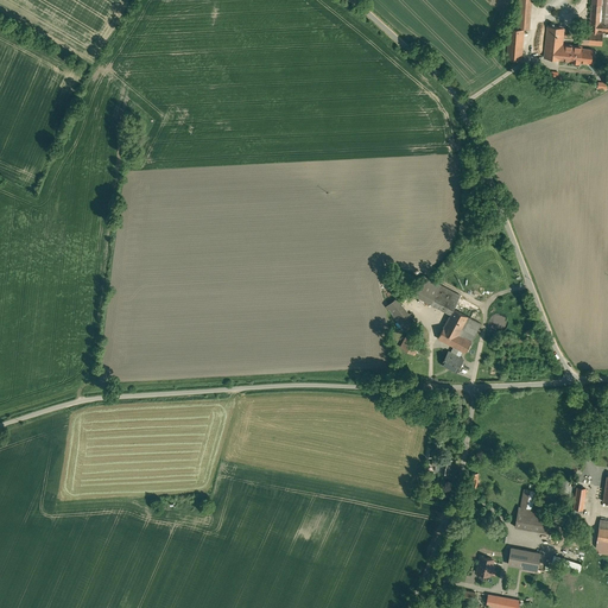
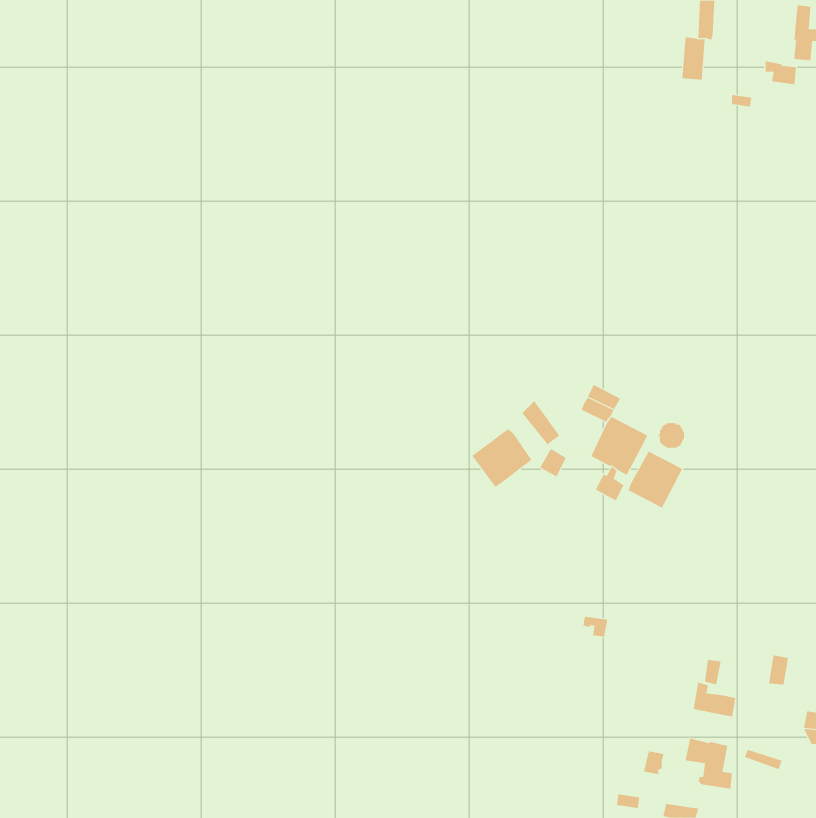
building: [545,26,575,61] -> none
building: none -> [471,428,532,488]
building: none -> [628,451,683,508]

